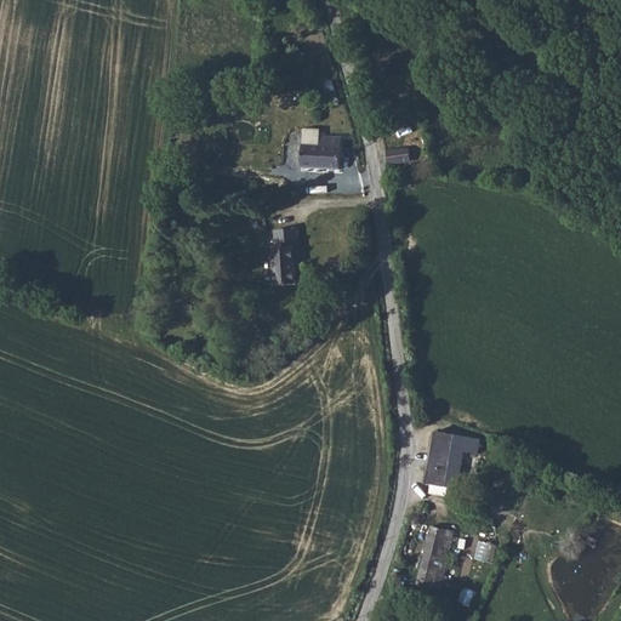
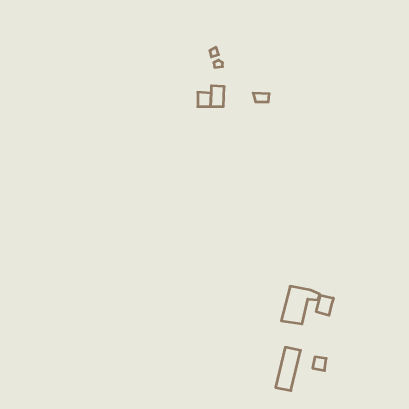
building: [268,227,295,284] -> none
building: none -> [316,295,333,315]

